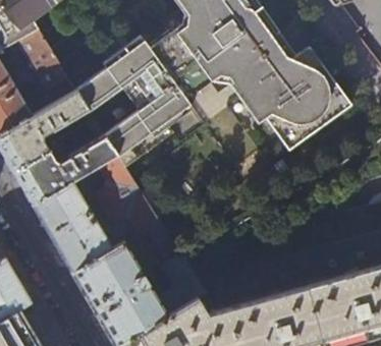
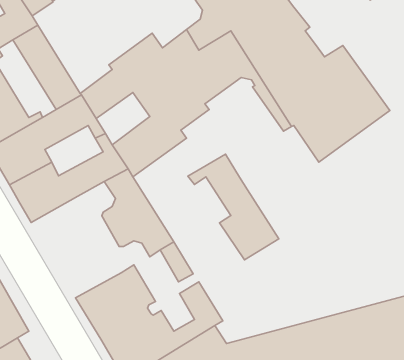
building: none -> [188,154,279,260]
building: [32,182,112,273] -> none

